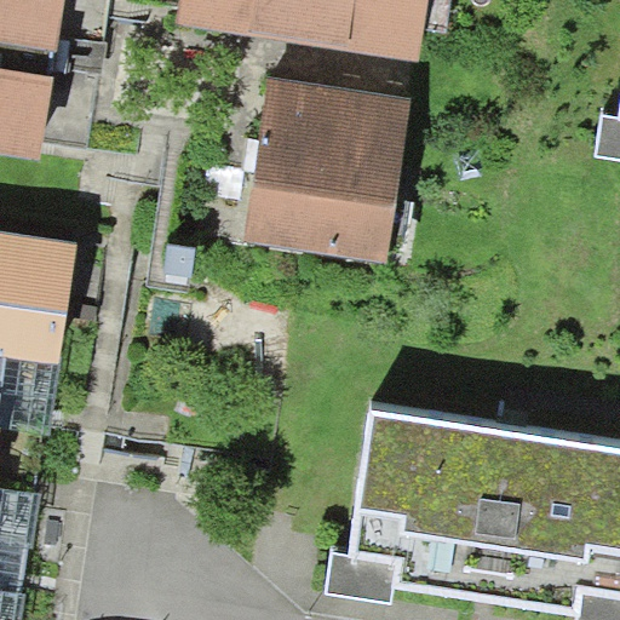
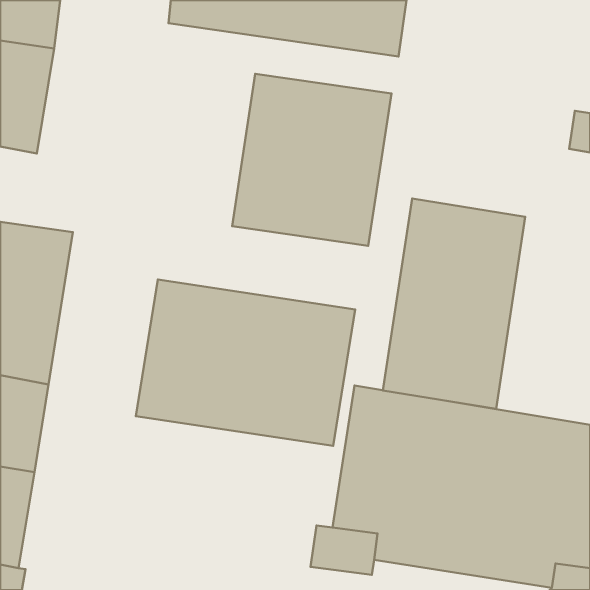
building: none -> [383,198,525,409]
building: none -> [136,280,355,446]

